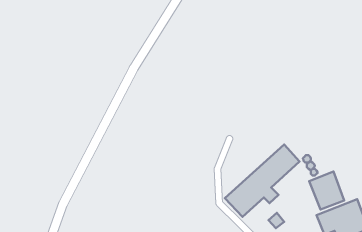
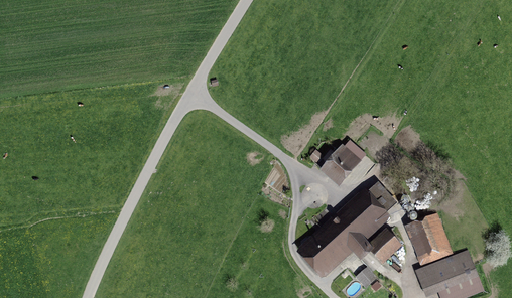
building: none -> [325,140,365,181]
building: none -> [369,232,399,262]

